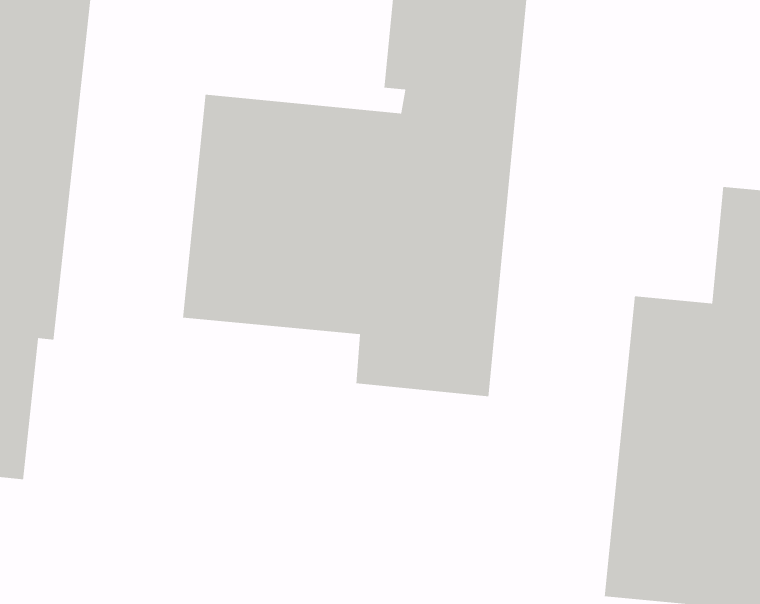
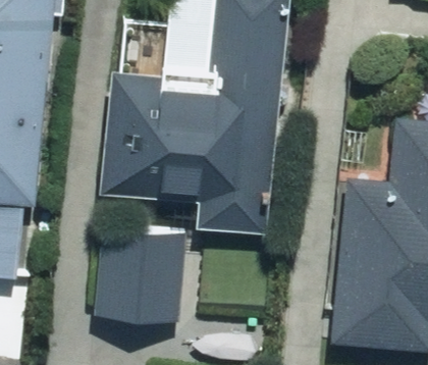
building: none -> [93,225,184,323]

